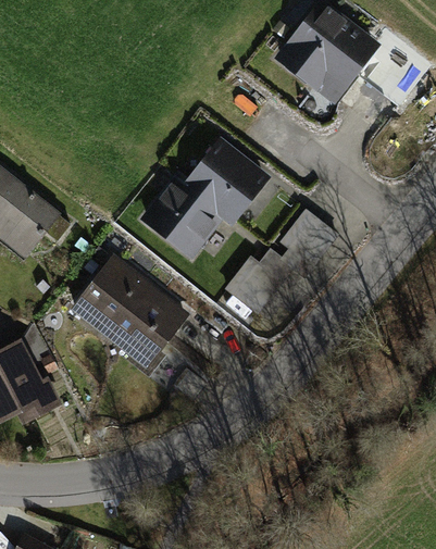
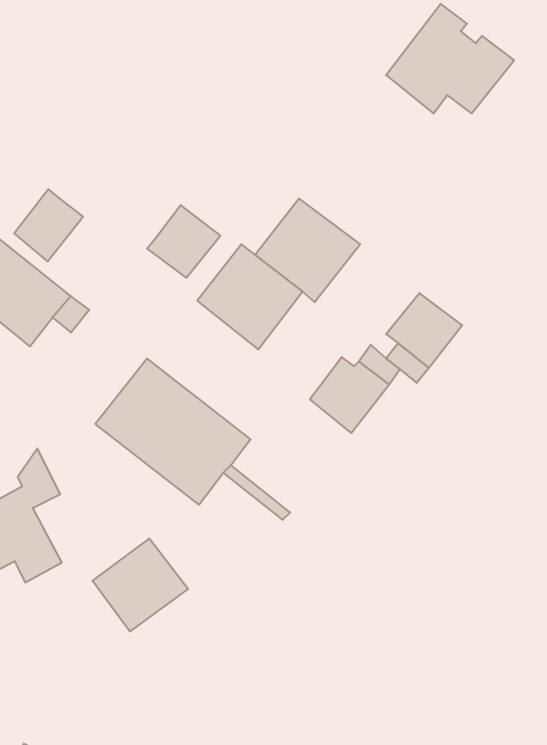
building: none -> [14,189,83,261]
building: none -> [147,205,220,278]
building: none -> [92,538,188,631]

